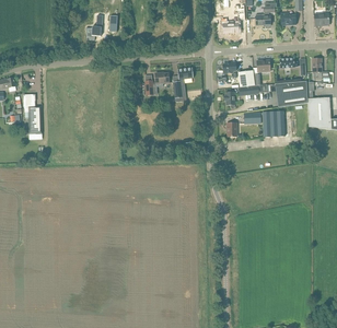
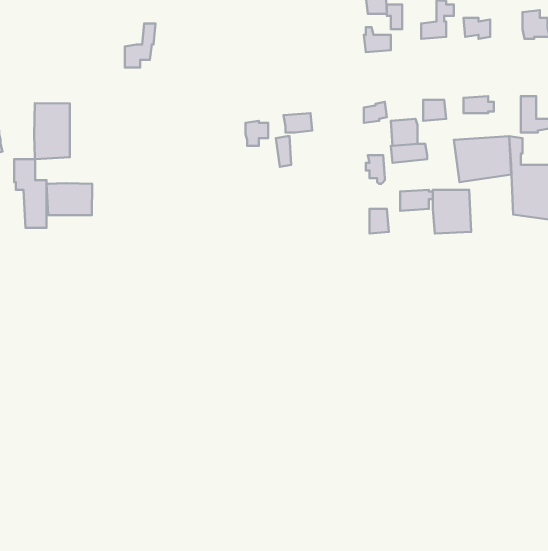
building: none -> [34,103,70,159]
building: none -> [47,183,92,215]

